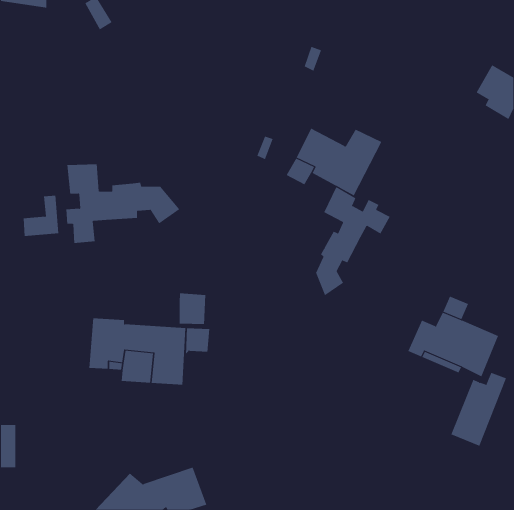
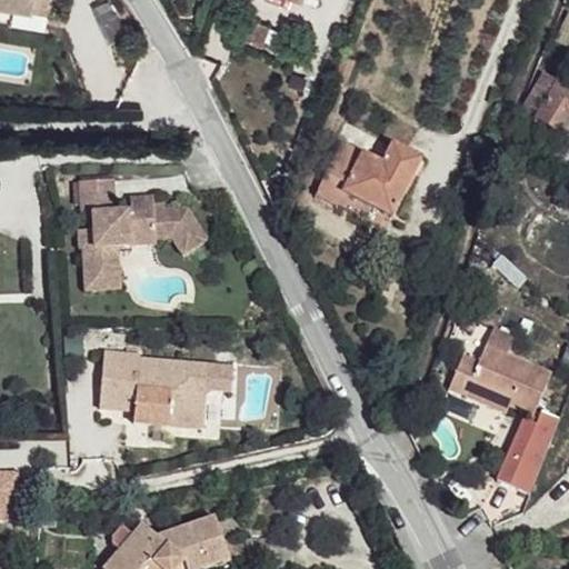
building: [315,186,390,296] -> none
building: [23,195,59,236] -> [81,243,121,289]
building: [179,292,206,325] -> none

